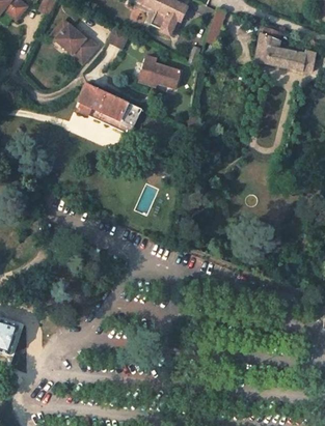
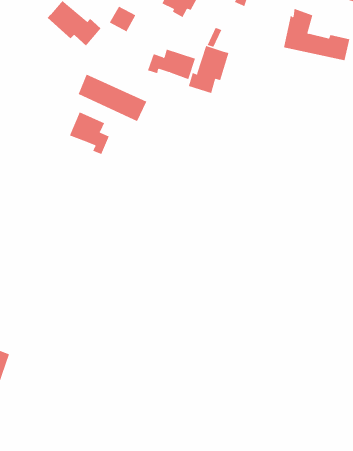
building: none -> [188,45,229,94]
building: none -> [69,112,109,155]

